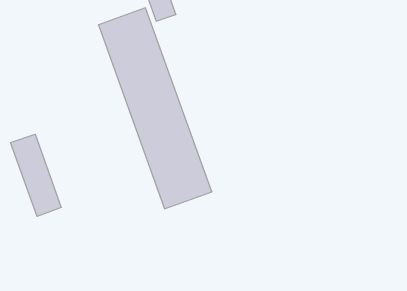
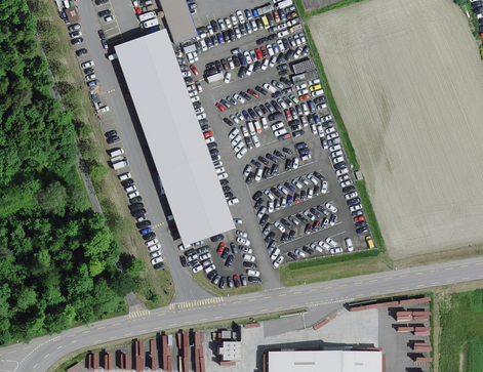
building: [11,134,61,216] -> none

